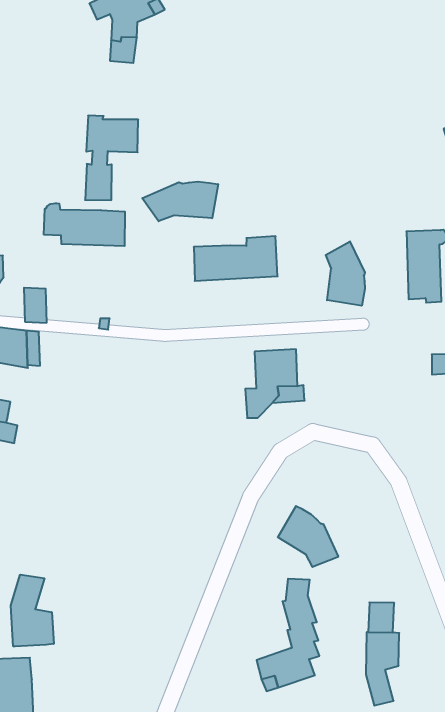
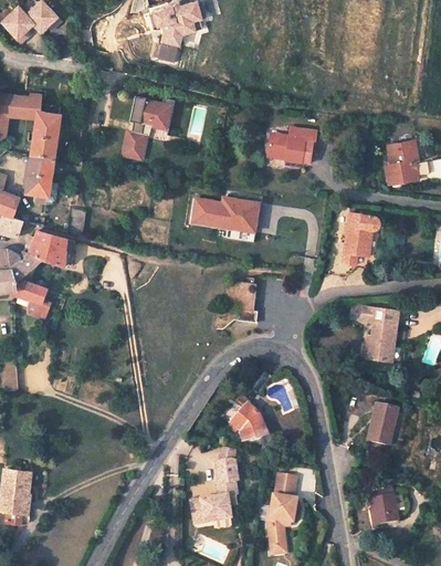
building: none -> [269,127,315,165]
building: [142,182,218,221] -> none
building: [44,203,125,246] -> none
building: [326,241,365,306] -> none
building: [11,575,54,646] -> none

